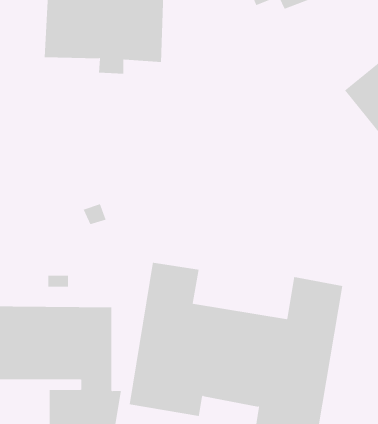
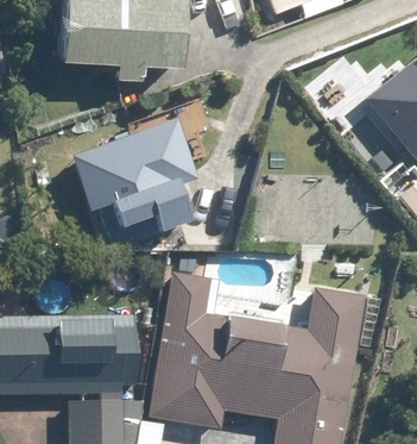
building: none -> [71,117,200,225]

